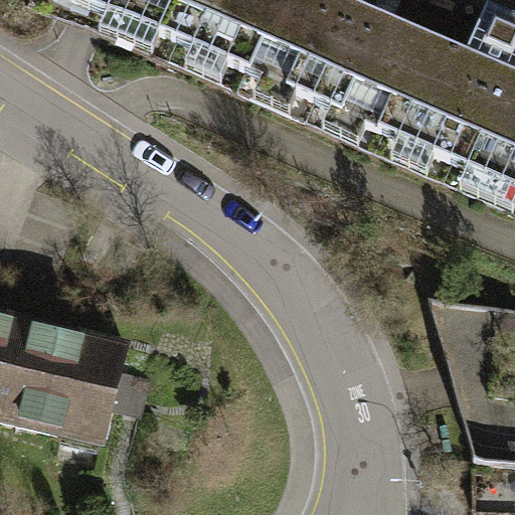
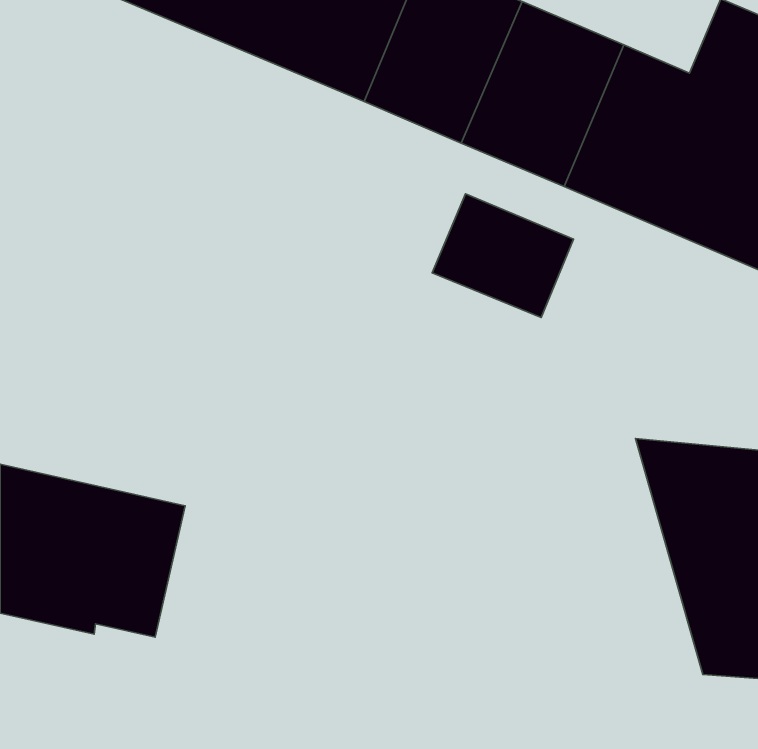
building: none -> [432,194,574,317]

